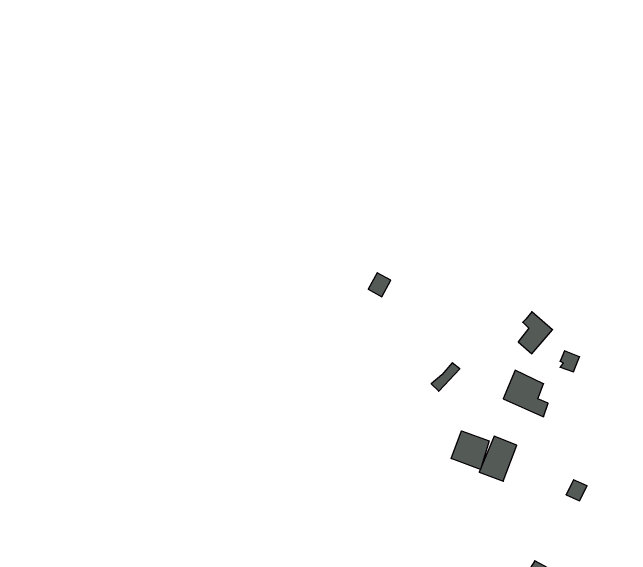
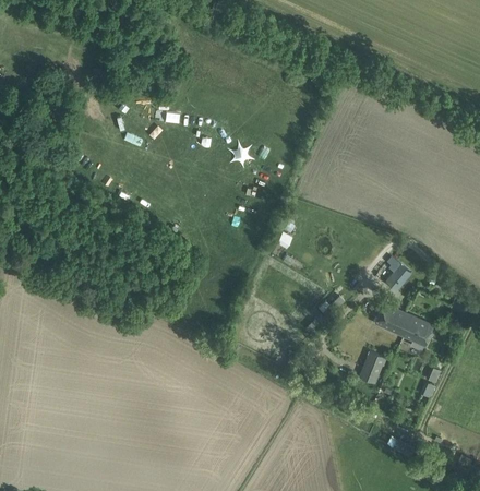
building: none -> [400,312,434,350]
building: [451,431,489,469] -> none

